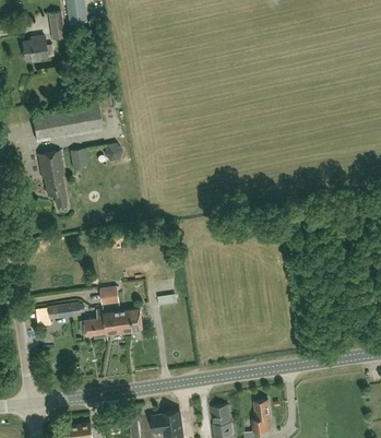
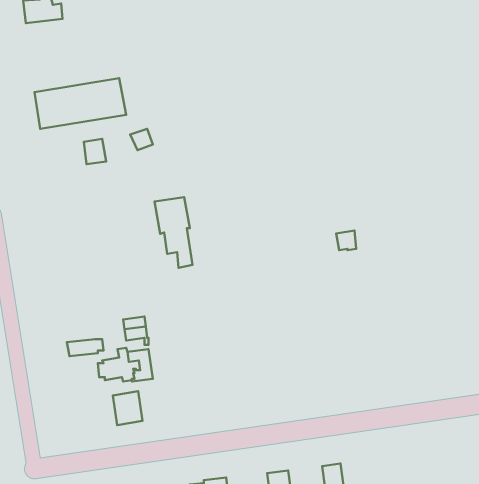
building: [36,151,66,205] -> [154,197,193,268]
building: [119,308,142,334] -> [113,391,142,425]

